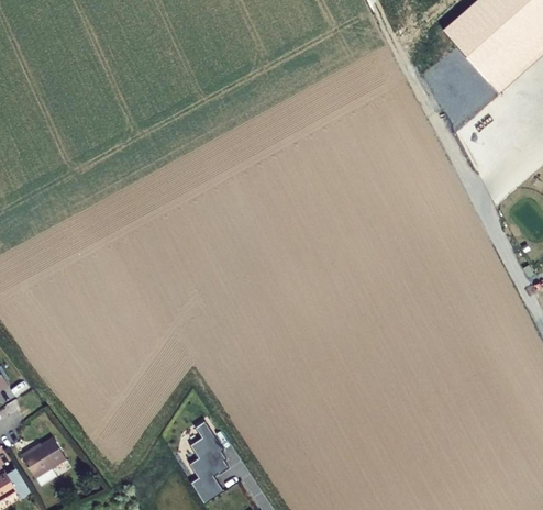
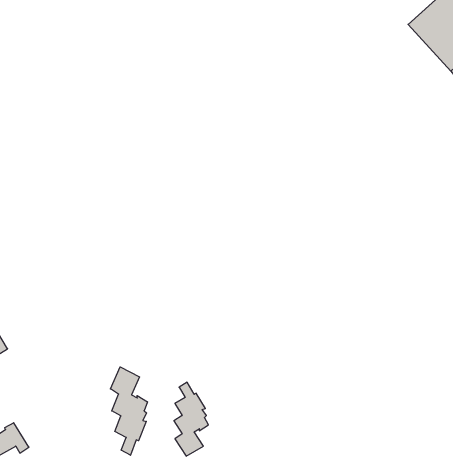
building: none -> [110,367,147,455]
building: [23,437,68,477] -> none

